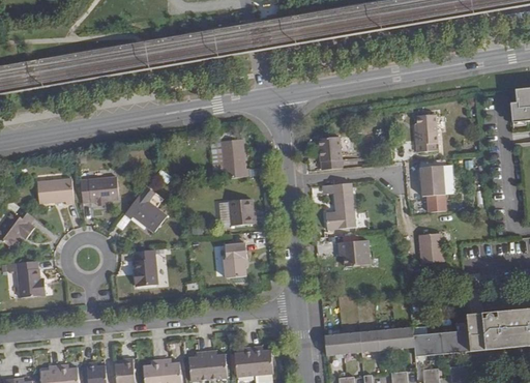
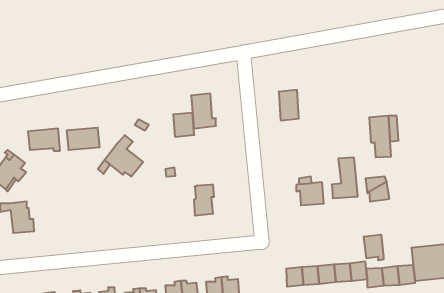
building: [414,113,437,151] -> none
building: [325,182,354,228] -> [332,158,358,198]
building: [229,199,253,226] -> [173,113,194,137]
building: [132,249,156,286] -> none
building: none -> [364,235,384,260]

